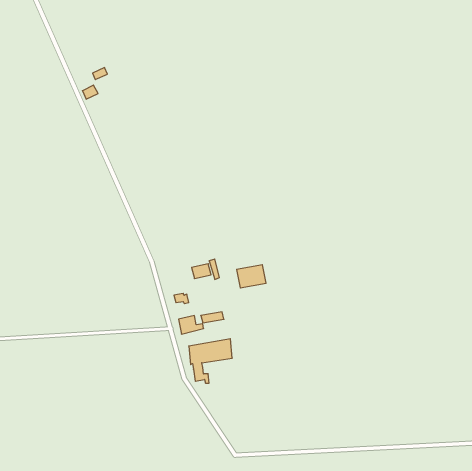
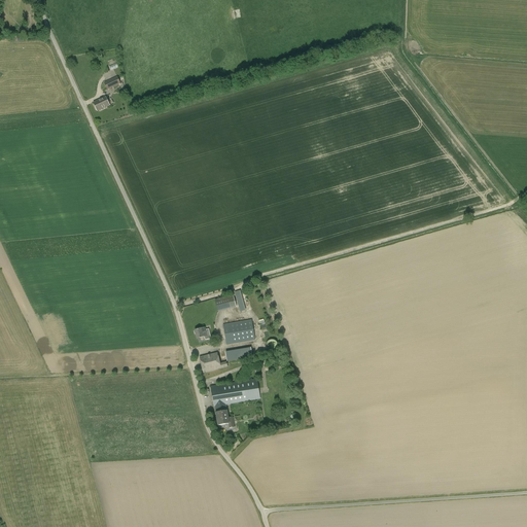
building: [237,265,266,288] -> [221,318,254,344]

